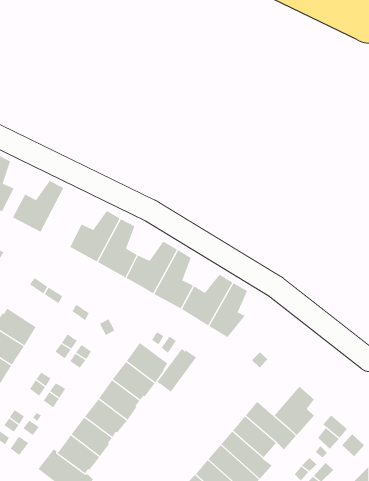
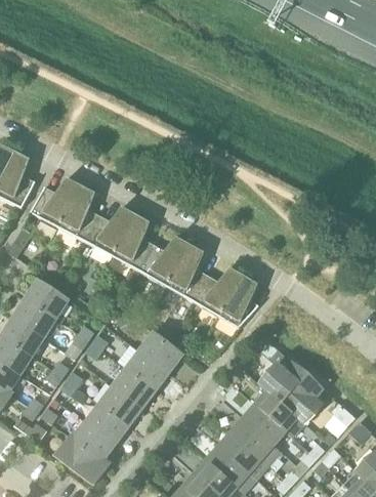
building: none -> [58,183,97,241]
building: none -> [26,279,68,318]
building: [156,348,197,393] -> none
building: none -> [259,361,307,403]

